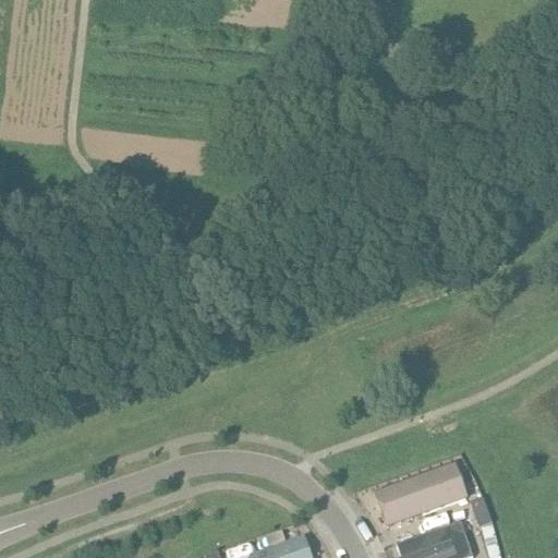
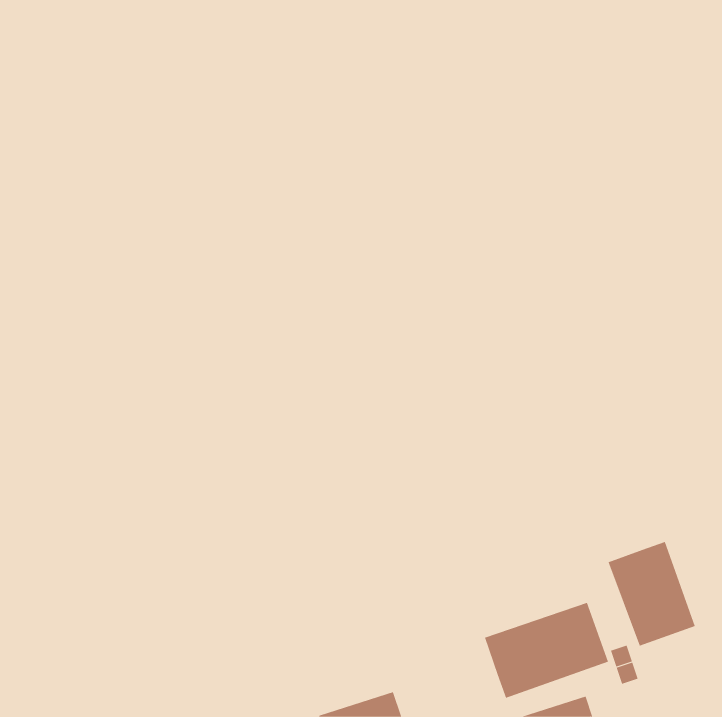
building: none -> [608,541,695,646]

